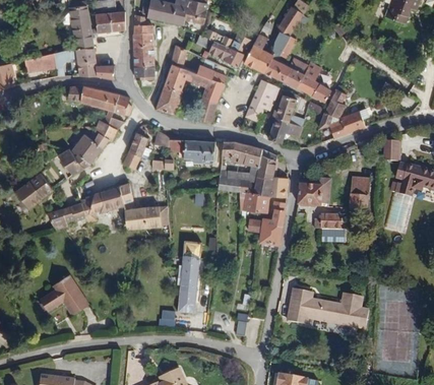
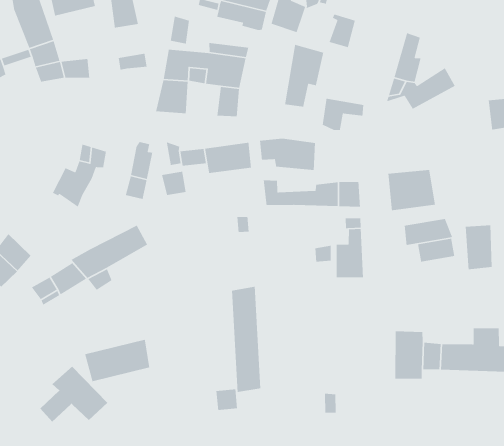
building: [134,47,154,67] -> none
building: [261,58,290,81] -> none
building: [295,65,328,102] -> none
building: [69,85,132,115] -> none
building: [270,95,301,128] -> none
building: [256,148,275,178] -> none
building: [59,149,90,176] -> none
building: [349,178,370,209] -> [465,225,492,270]
building: [239,189,269,213] -> none
building: [124,206,168,230] -> [84,339,150,382]

